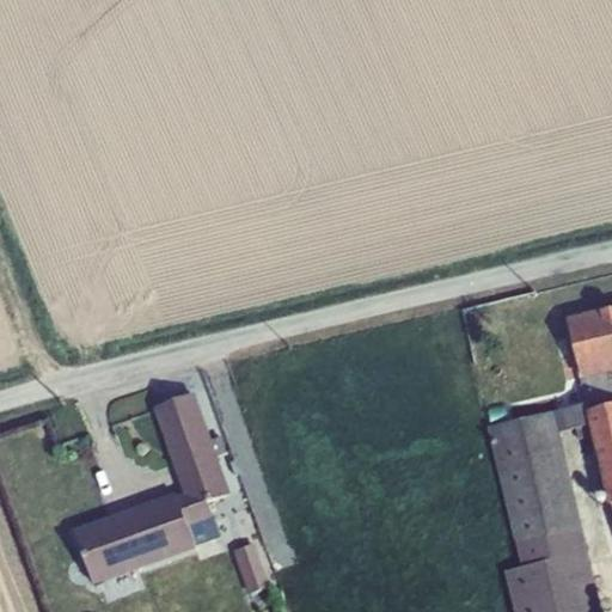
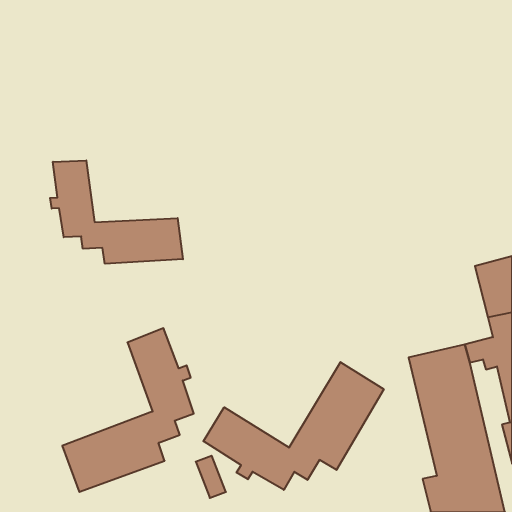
building: none -> [50,160,183,264]
building: none -> [203,362,384,490]

